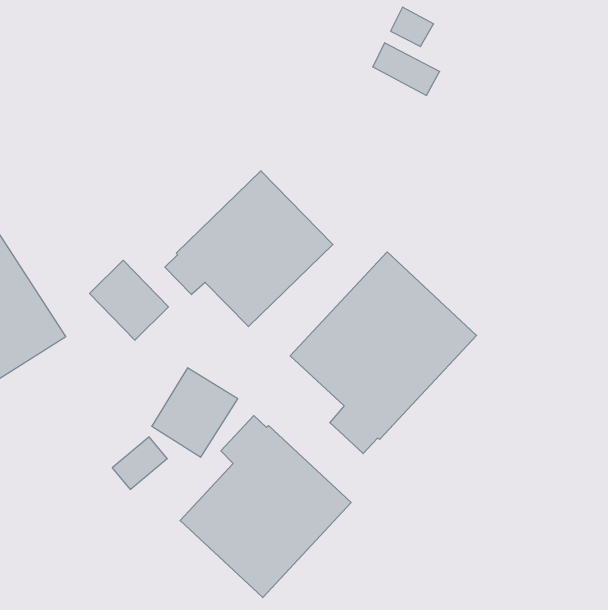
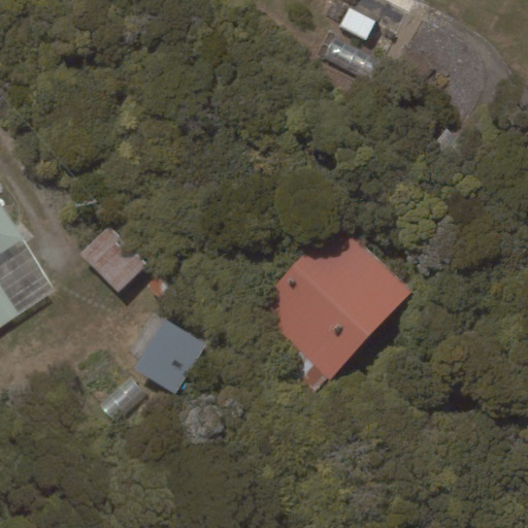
building: [165,171,333,327] -> none
building: [180,416,351,598] -> none

